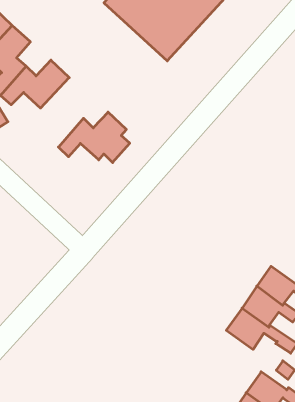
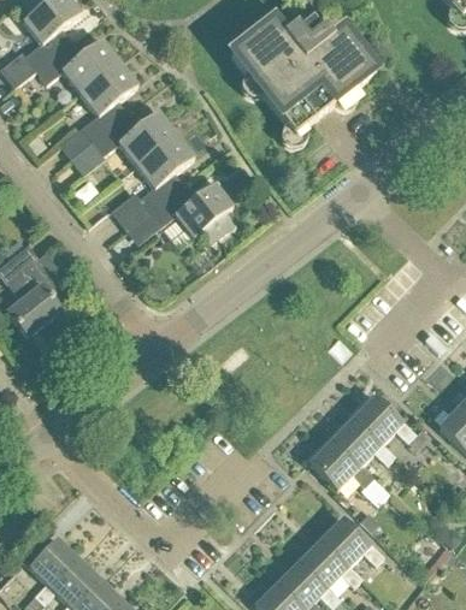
building: none -> [114,135,194,226]

